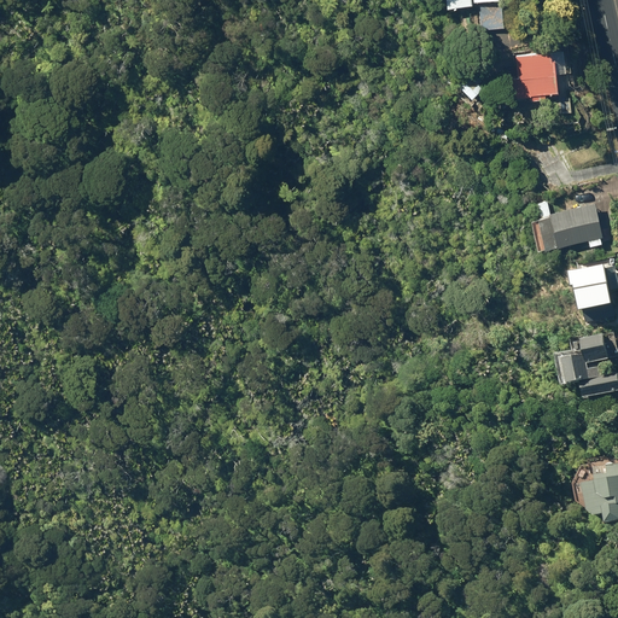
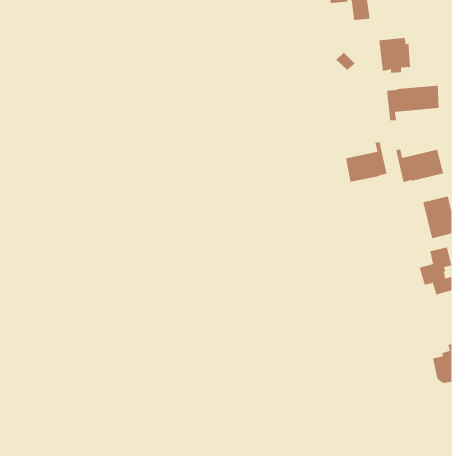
building: none -> [387,85,439,121]
building: none -> [346,142,387,183]

